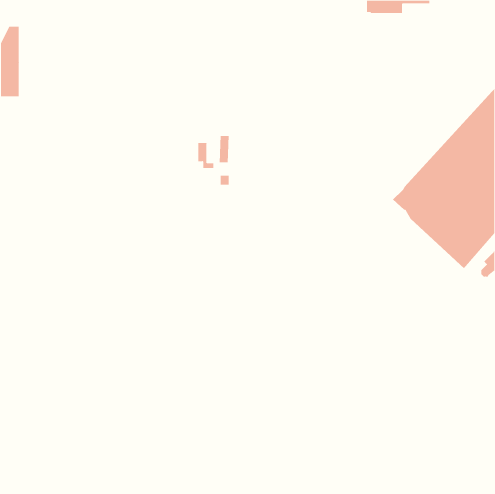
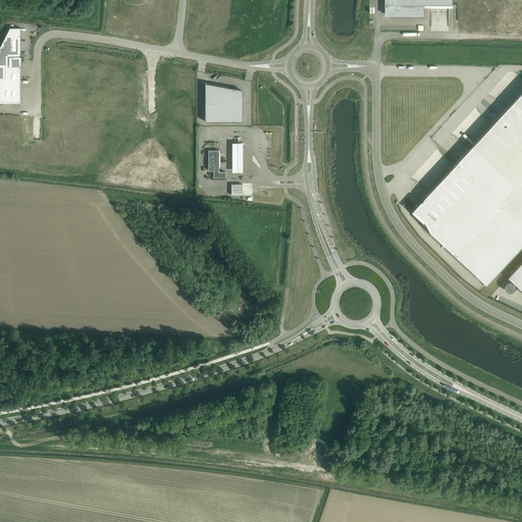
building: none -> [205,84,242,122]

